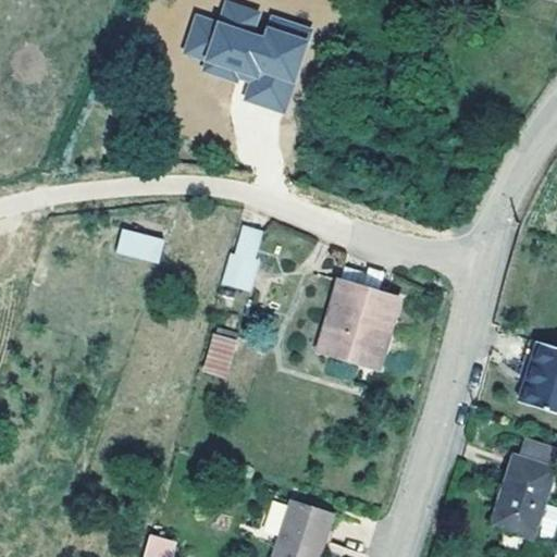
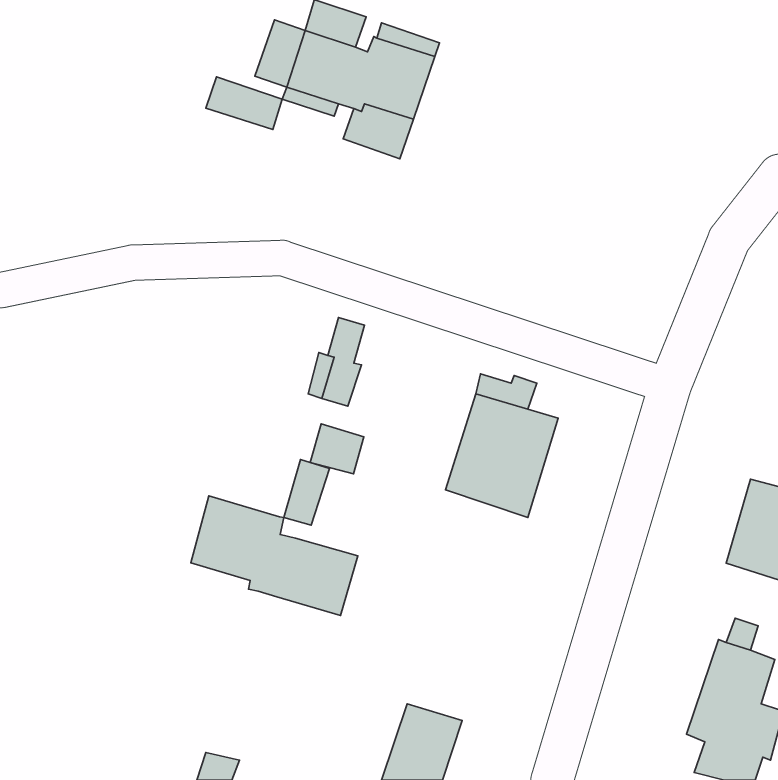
building: none -> [206,77,282,130]
building: [115,228,162,261] -> none
building: none -> [310,424,364,474]
building: none -> [191,496,358,616]

